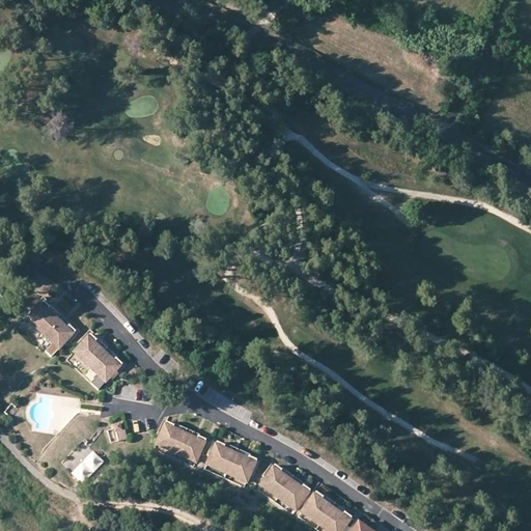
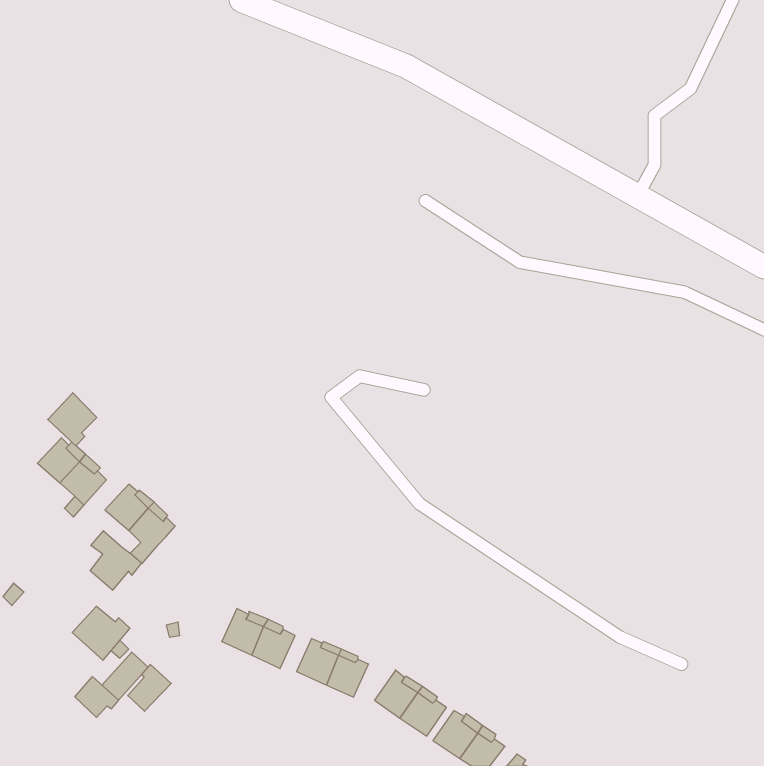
building: none -> [48,393,97,446]
building: none -> [90,531,141,590]
building: none -> [72,606,130,660]
building: none -> [128,665,171,711]
building: none -> [75,677,119,717]

